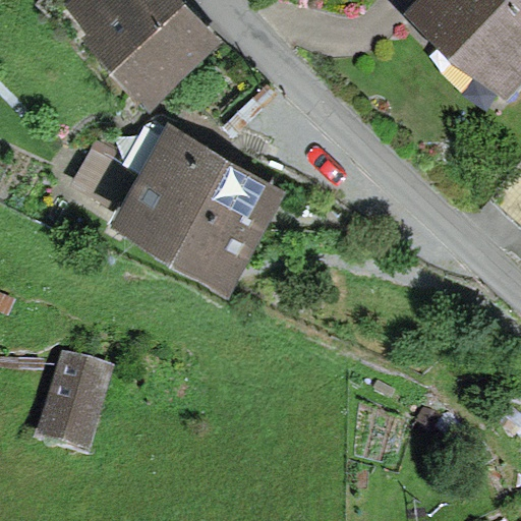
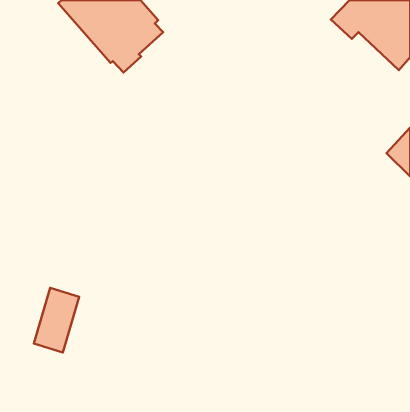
building: [124,136,265,268] -> none

